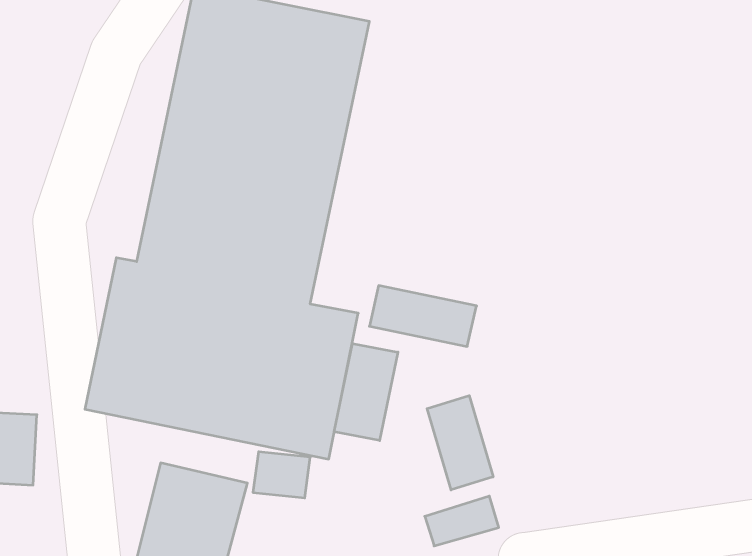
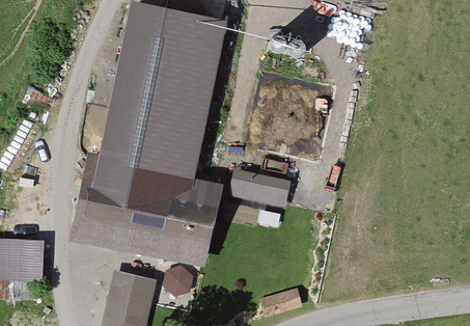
building: [334,343,398,441] -> none
building: [427,396,493,490] -> none

